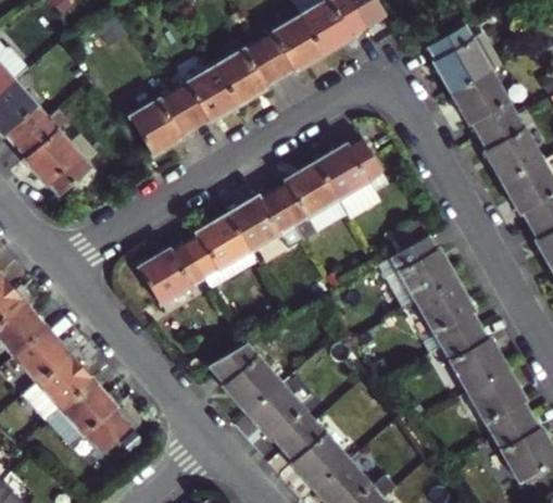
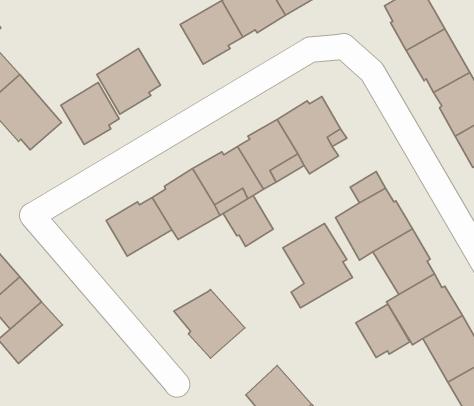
building: [171,64,238,127] -> none
building: none -> [61,83,119,144]
building: none -> [223,195,273,247]
building: none -> [283,223,353,308]
building: none -> [356,304,410,357]
building: [46,377,128,449] -> none
building: [246,380,315,450] -> none

